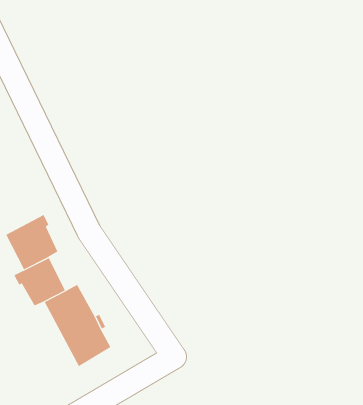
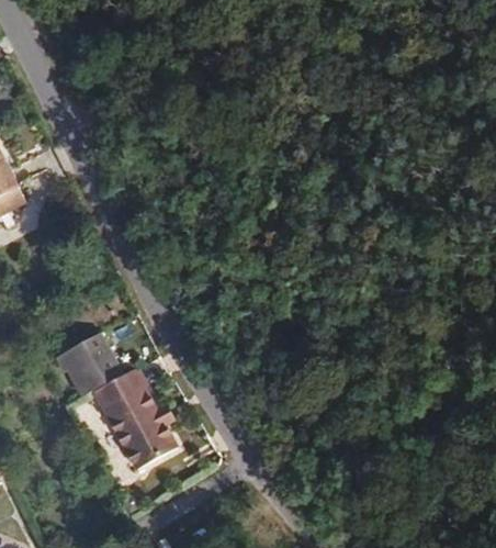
building: [5,214,58,270] -> none

